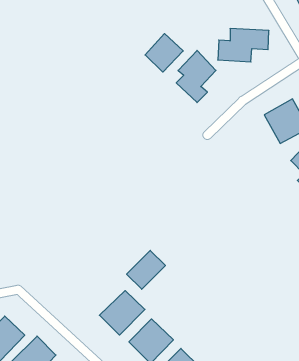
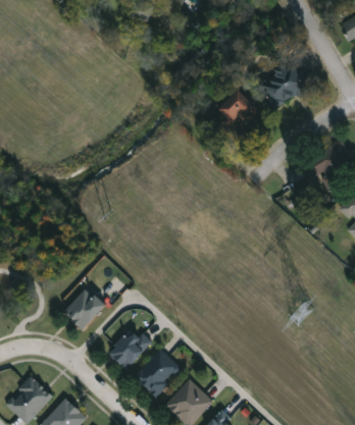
building: [145,34,183,72] -> none
building: none -> [63,286,105,329]
building: [127,250,165,289] -> [109,327,151,369]

